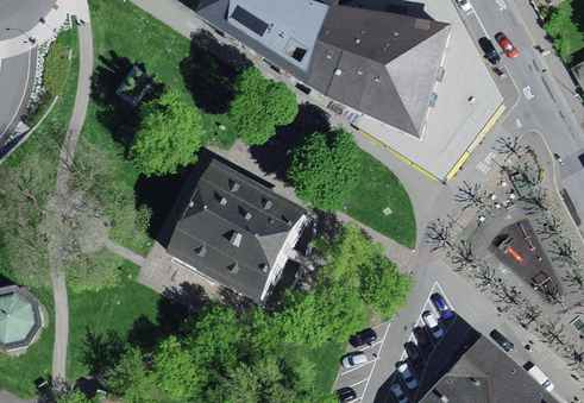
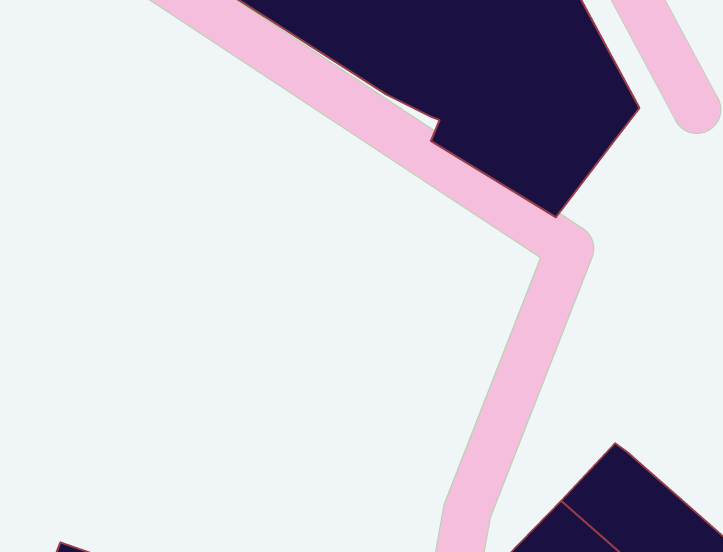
building: [164,163,314,308] -> none

